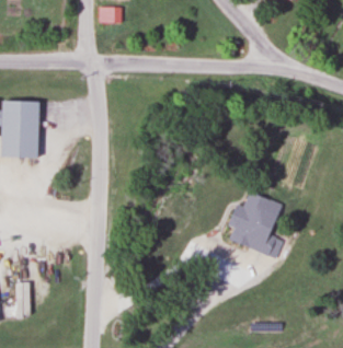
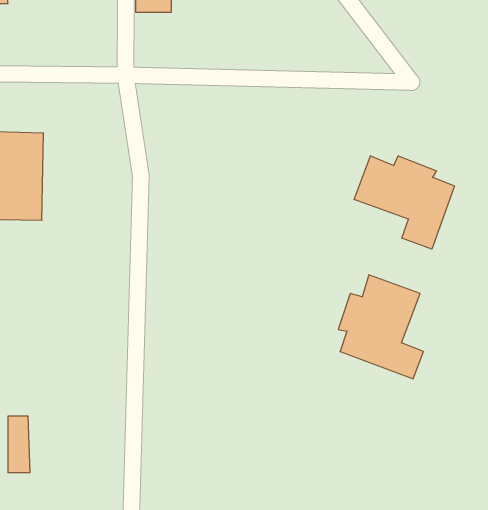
building: none -> [354,156,454,249]

